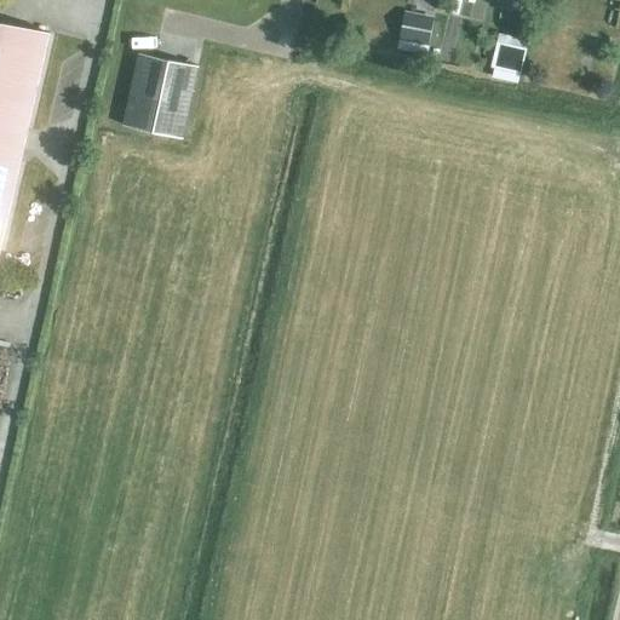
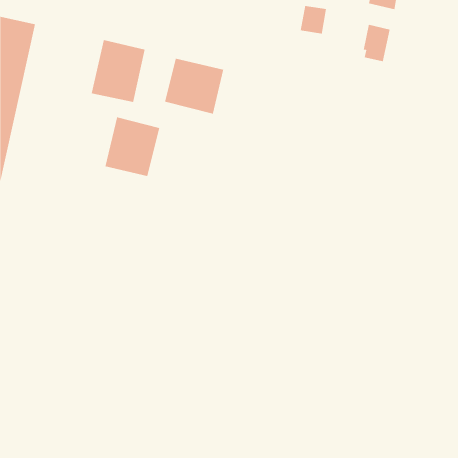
building: none -> [164,58,224,115]
building: none -> [105,116,160,177]

